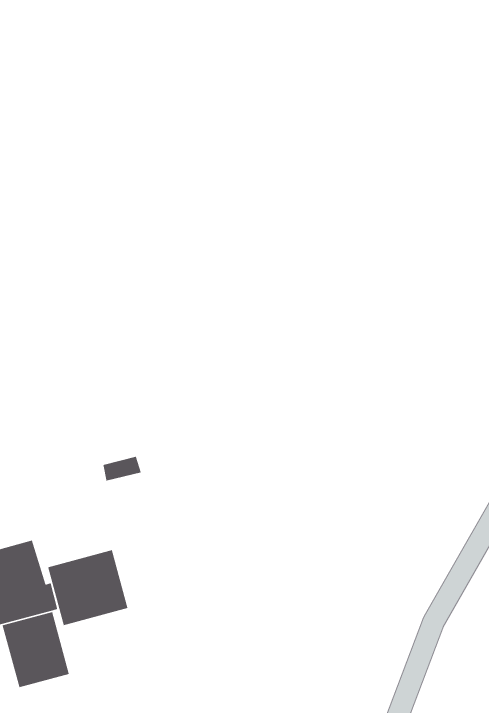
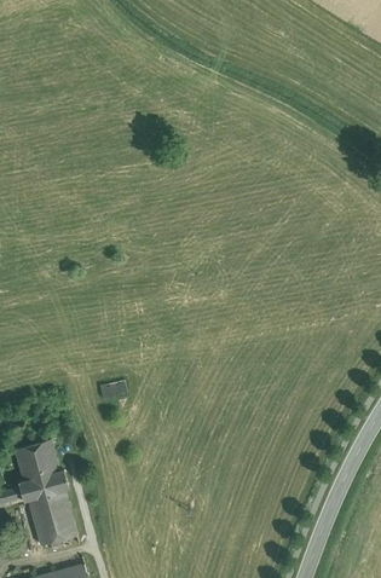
building: [47,549,129,626] -> none

